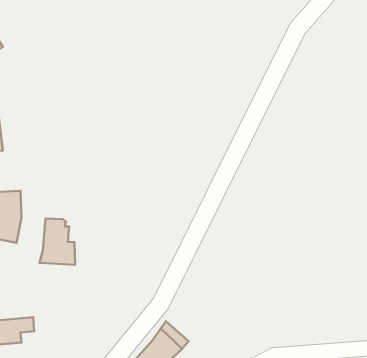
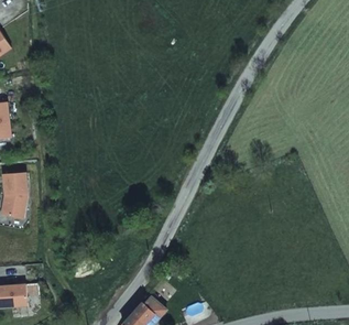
building: [39,218,75,265] -> none

